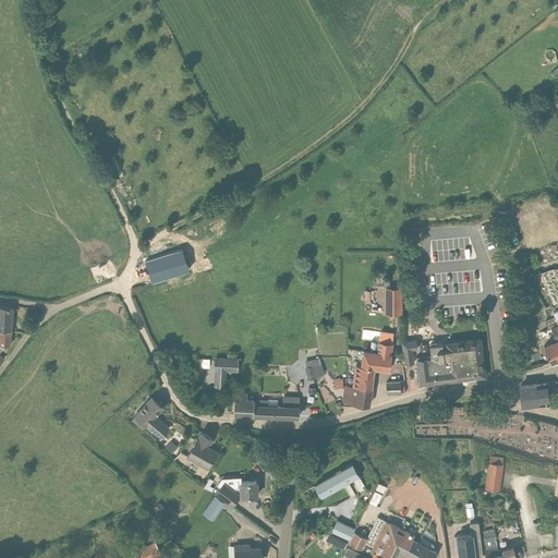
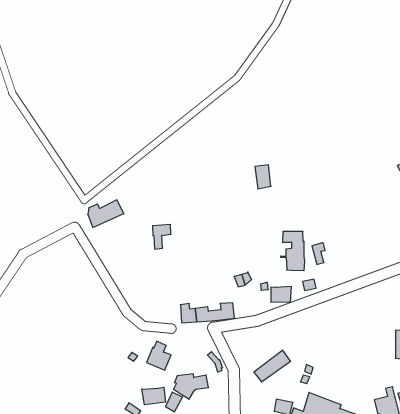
building: [385,288,401,315] -> [255,165,271,189]
building: [416,339,485,385] -> none
building: [352,351,374,388] -> none
building: [215,359,238,387] -> [153,224,171,249]
building: [131,398,169,439] -> none
building: none -> [142,387,166,405]

